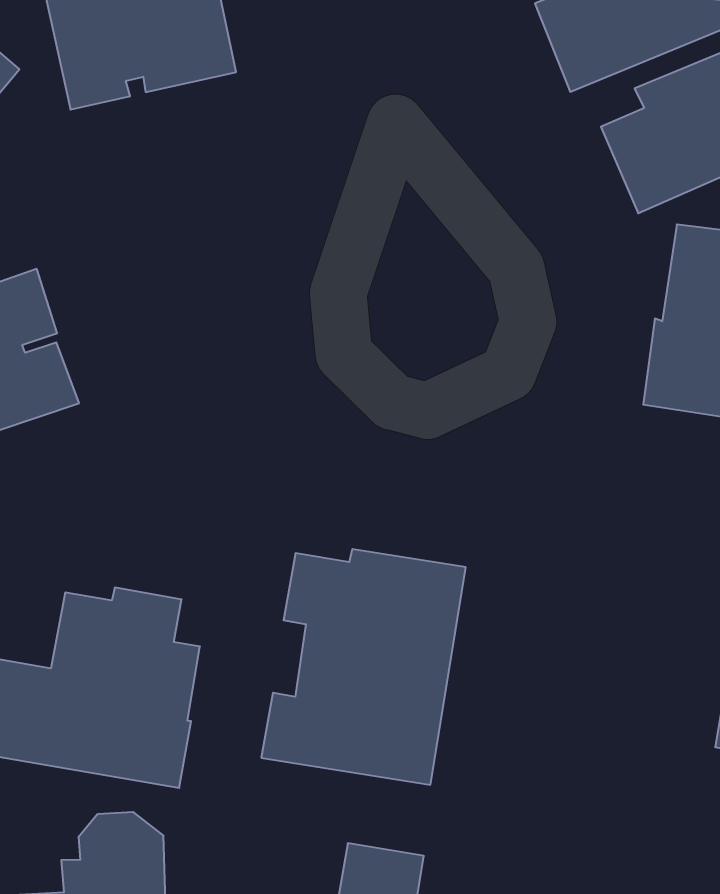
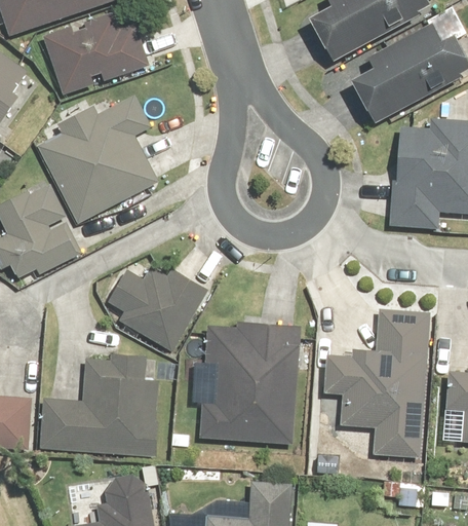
building: none -> [36,95,158,224]
building: none -> [106,266,208,352]
building: none -> [323,307,431,458]

